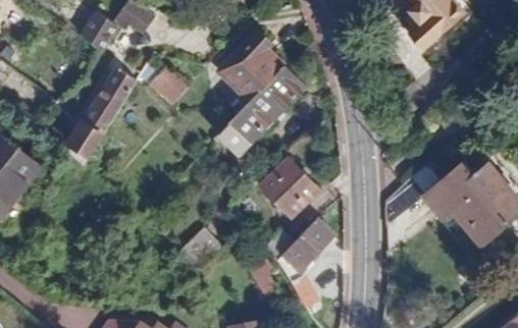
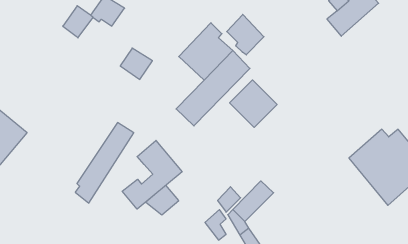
building: none -> [227,14,264,55]
building: [66,67,137,164] -> [75,123,134,203]
building: [263,157,320,214] -> [230,80,277,127]
building: none -> [122,140,182,209]

